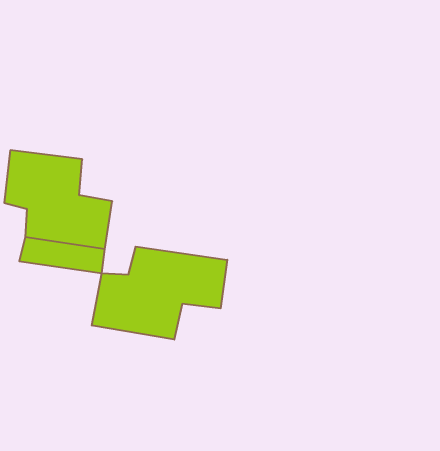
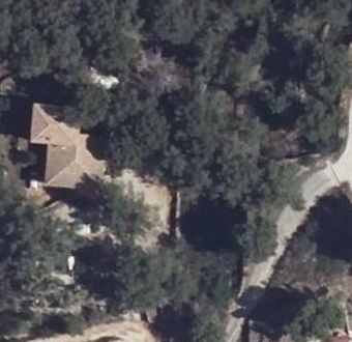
building: [92,247,227,340] -> none

